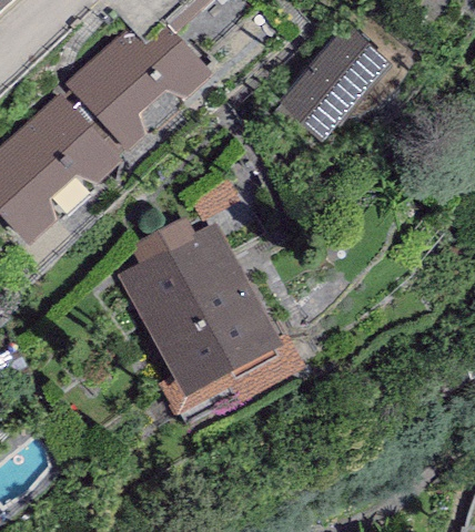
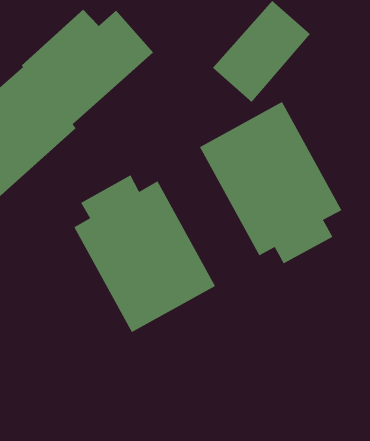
building: none -> [199,101,342,264]

